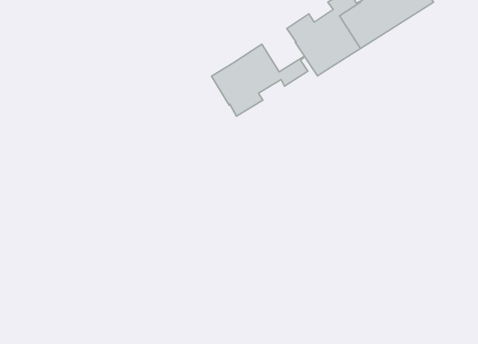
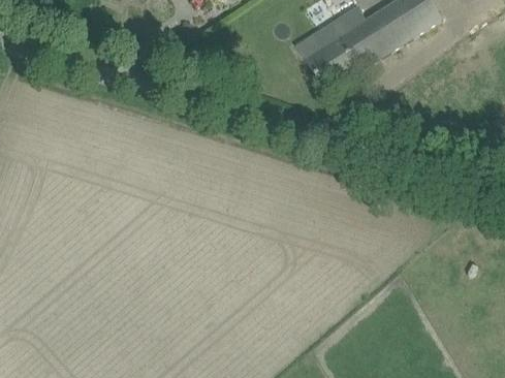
building: [212,44,308,116] -> none

